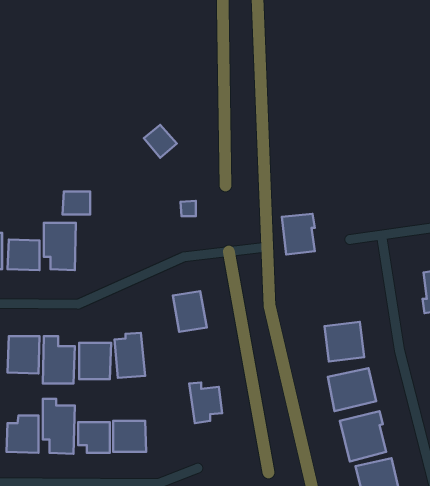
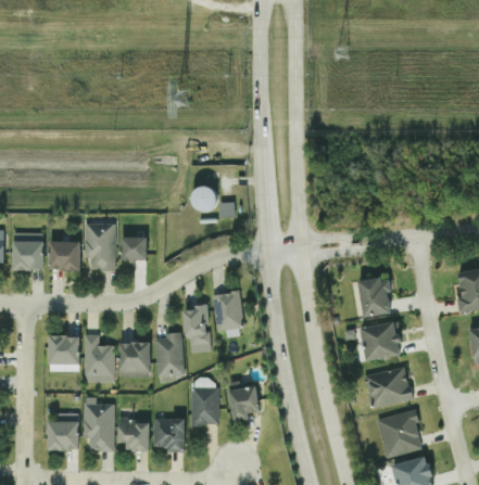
building: [144,125,177,158] -> [187,182,219,215]
building: [63,192,90,215] -> [119,237,147,259]
building: [282,214,315,254] -> [358,277,391,317]
building: none -> [185,304,210,353]
building: none -> [190,387,218,425]

